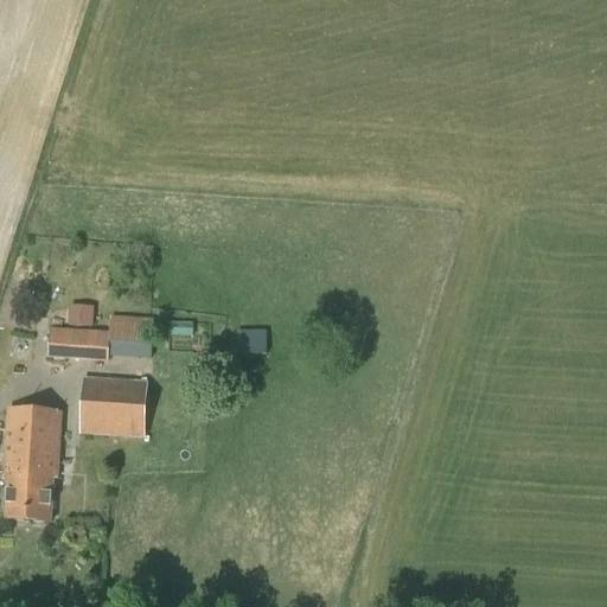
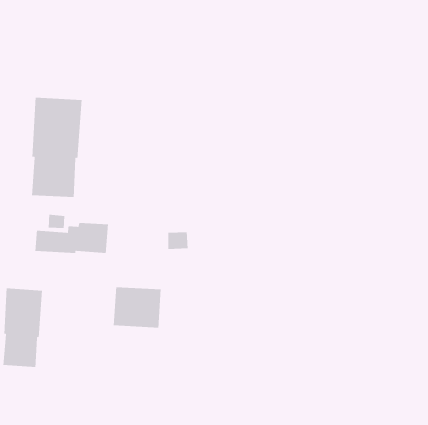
building: none -> [31,97,82,198]
building: [79,376,148,435] -> [113,286,162,328]

